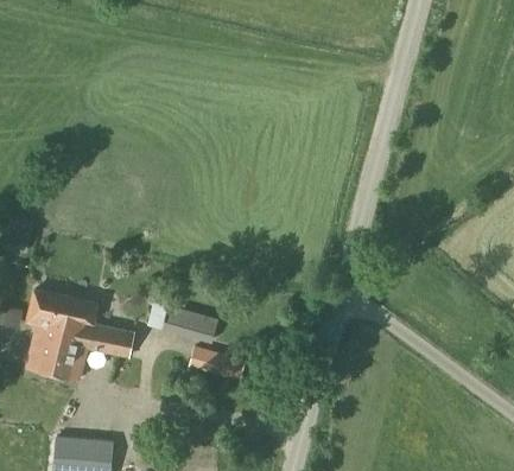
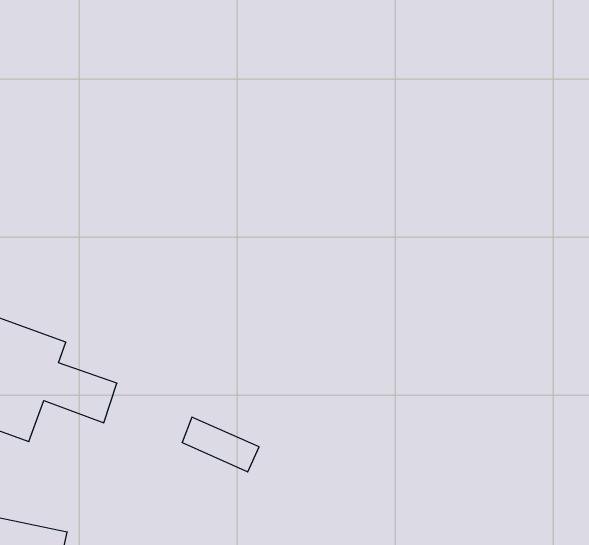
building: [164,306,217,343] -> none

